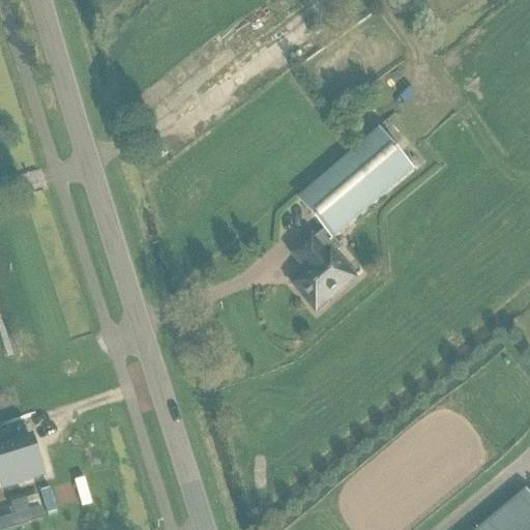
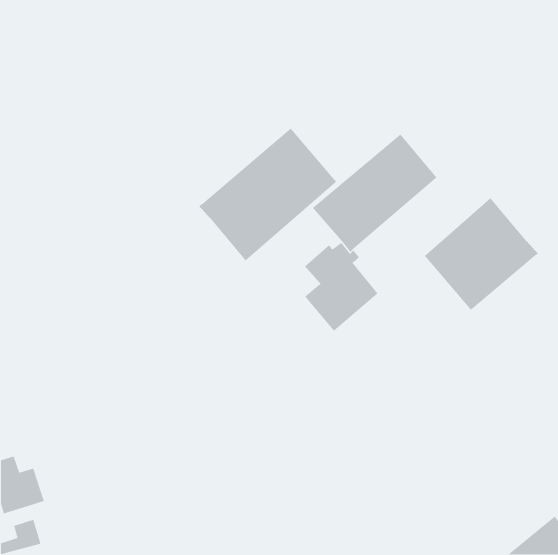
building: none -> [198,128,337,261]
building: none -> [424,197,539,311]

